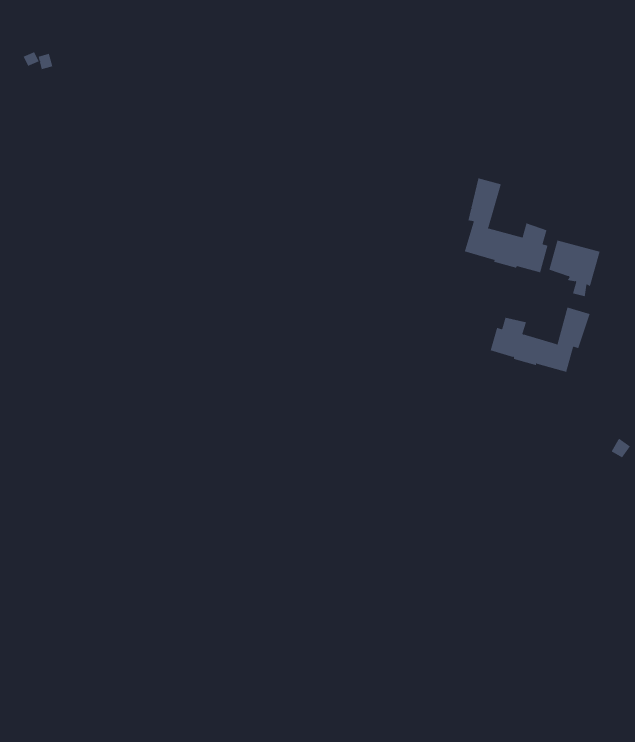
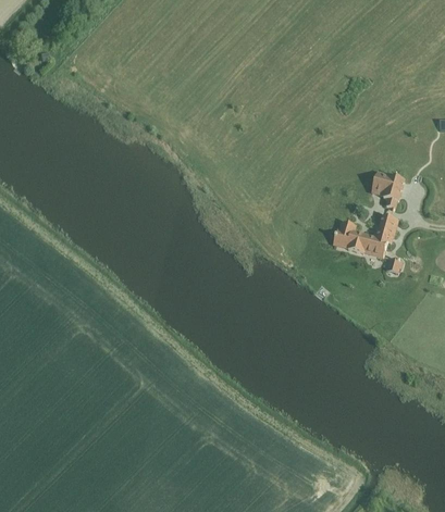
building: [464,177,548,273] -> none

